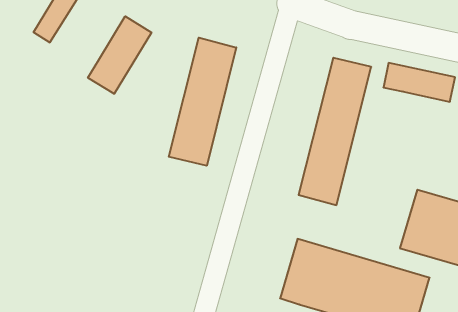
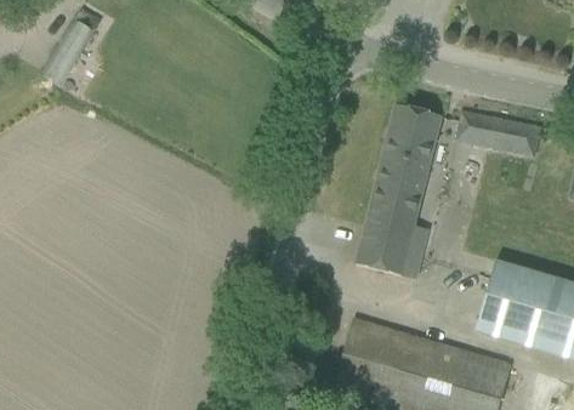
building: [88,16,151,94] -> none
building: [169,38,236,166] -> none

